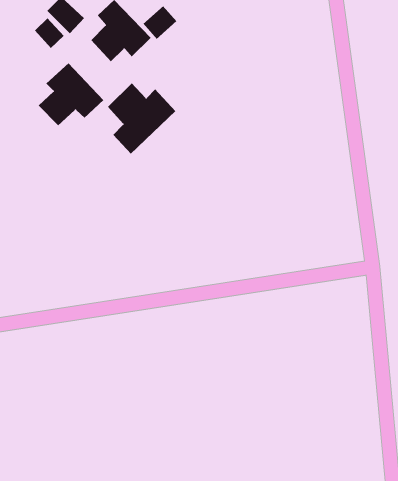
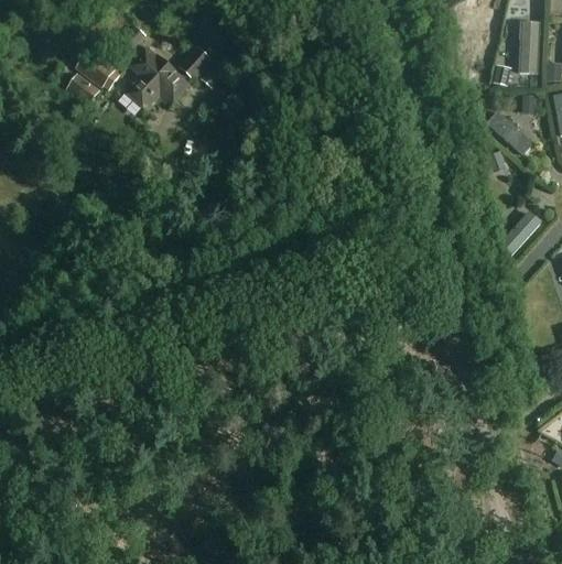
building: [38,63,104,126] -> none
building: [107,82,176,155] -> none

